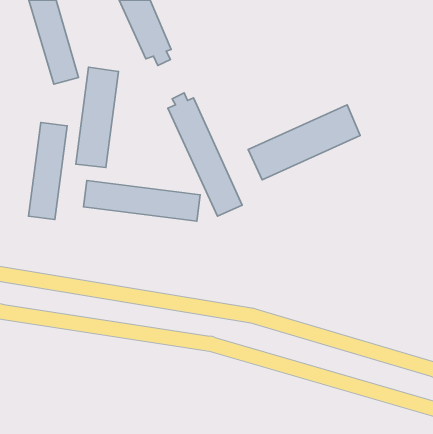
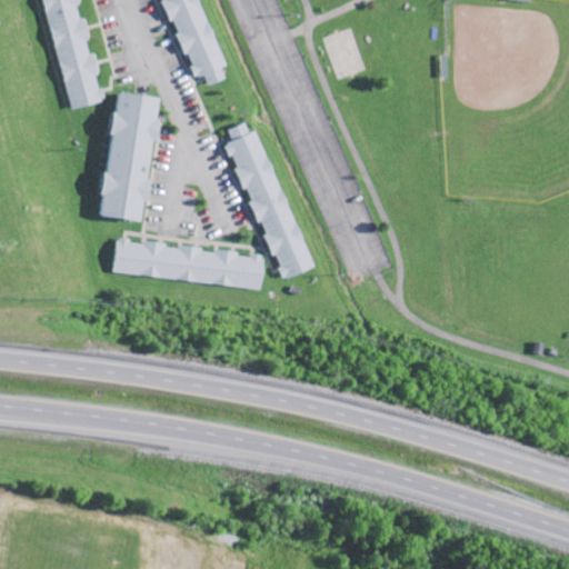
building: [248,105,360,180] -> none
building: [28,122,67,219] -> none

